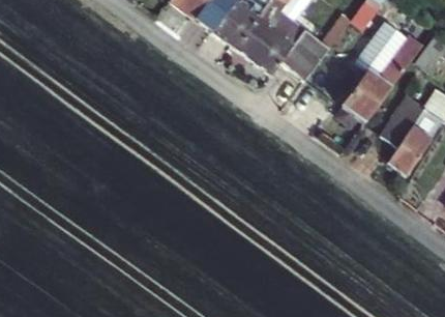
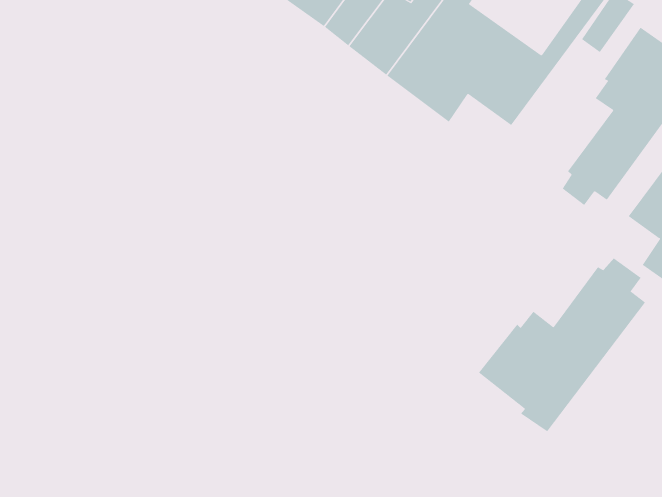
building: none -> [478,257,646,432]

